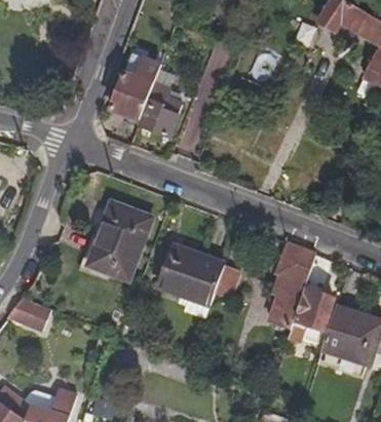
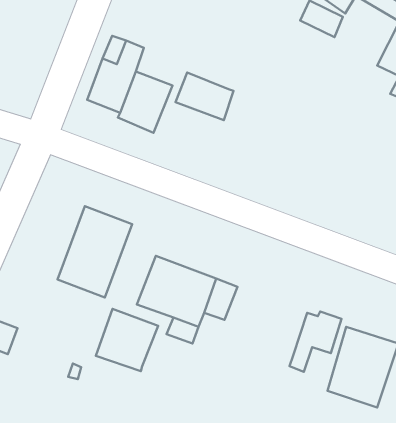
building: none -> [176,73,234,120]
building: [268,242,315,329] -> none
building: none -> [96,309,158,371]

